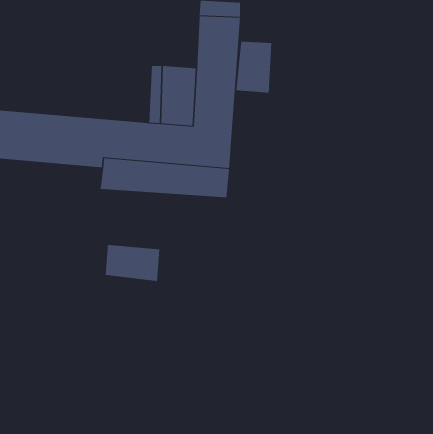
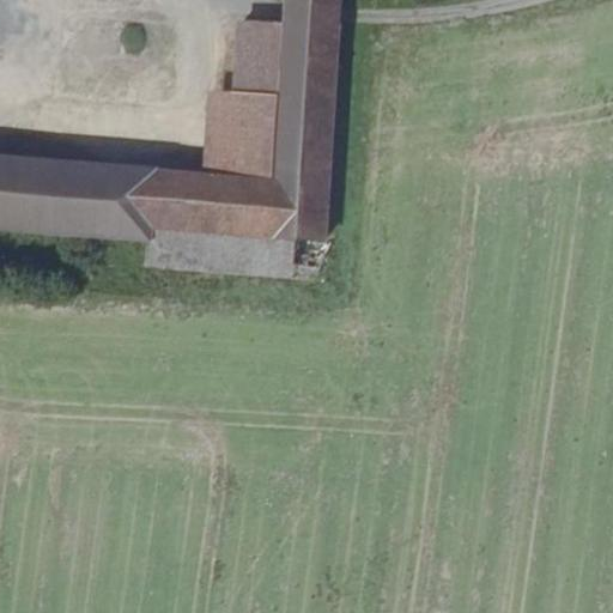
building: [235,41,272,93] -> [227,23,279,96]
building: [105,244,160,282] -> none

